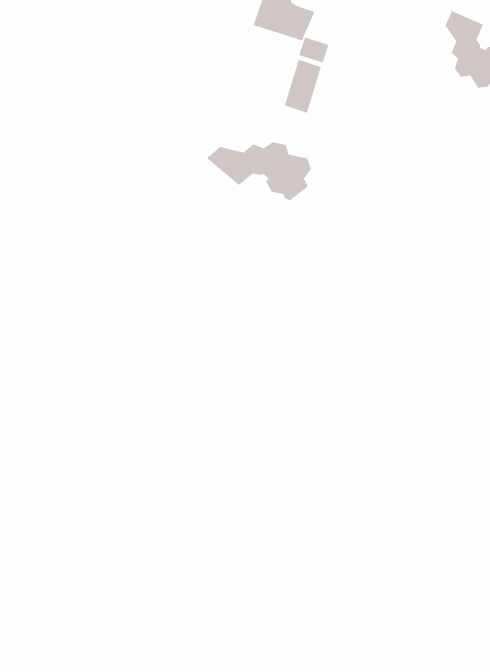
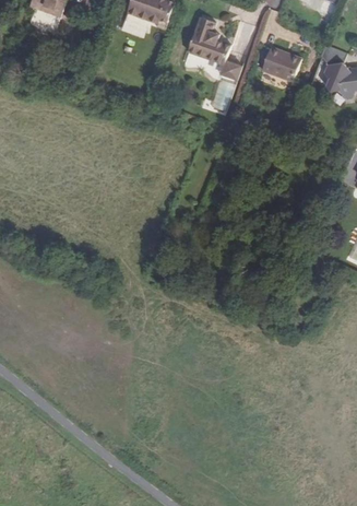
building: none -> [261,47,301,81]
building: [205,141,312,201] -> none

